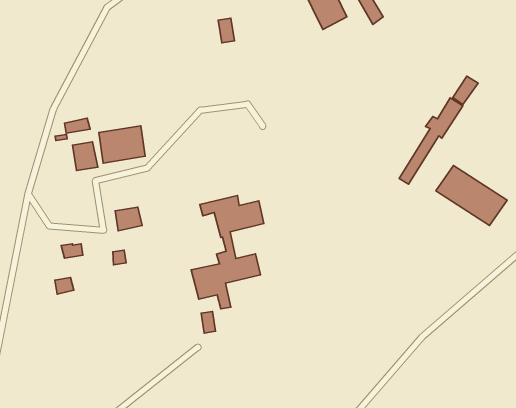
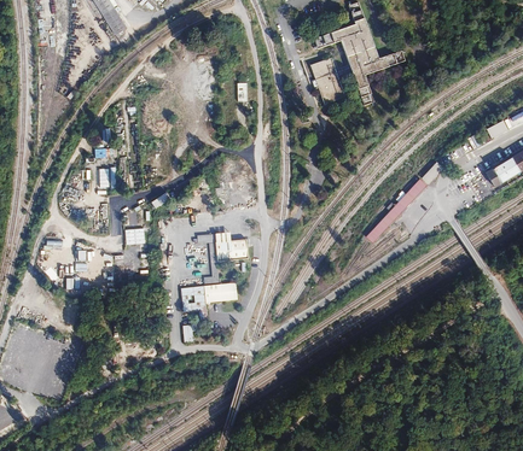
building: [99,126,145,163] -> none
building: [436,165,507,225] -> none

